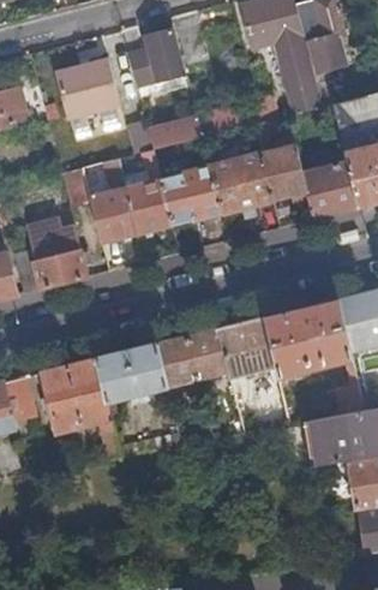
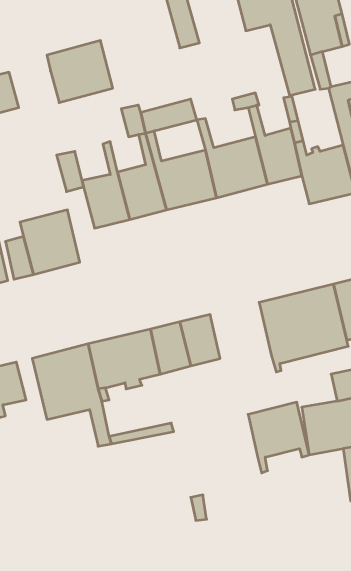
building: [121,26,186,95] -> none
building: [216,316,276,386] -> [248,402,309,473]

